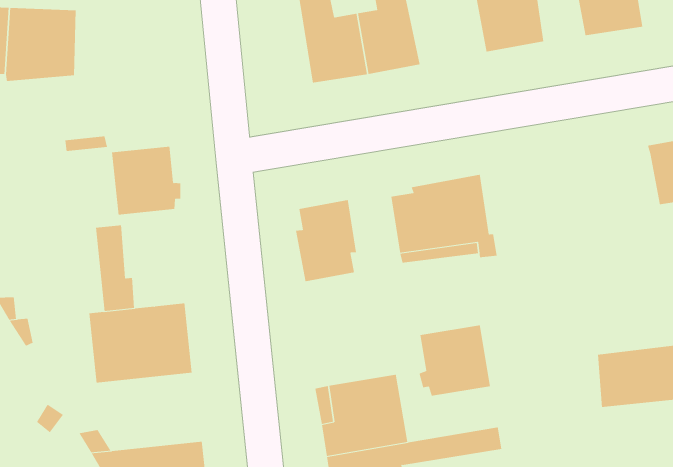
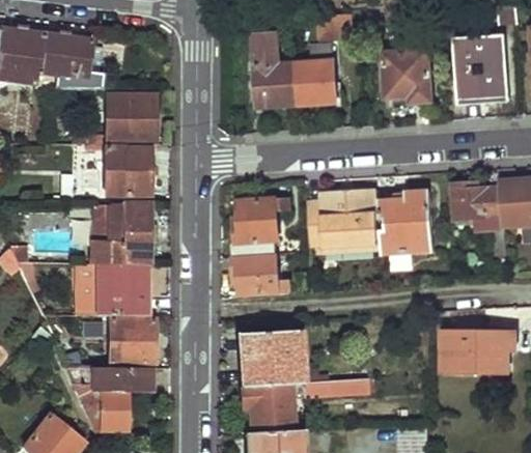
building: none -> [108,93,159,140]
building: none -> [455,183,505,249]
building: none -> [378,192,434,252]
building: none -> [107,200,148,262]
building: none -> [232,253,278,298]
building: [419,324,491,397] -> none
building: none -> [110,317,153,361]

